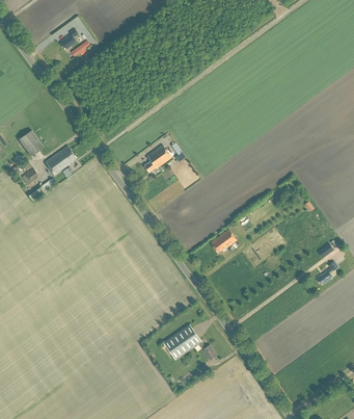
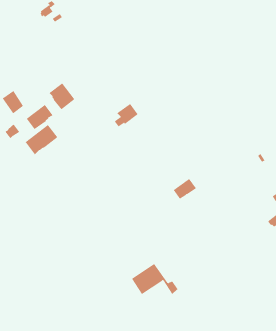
building: none -> [48,82,75,110]
building: none -> [25,124,58,155]

